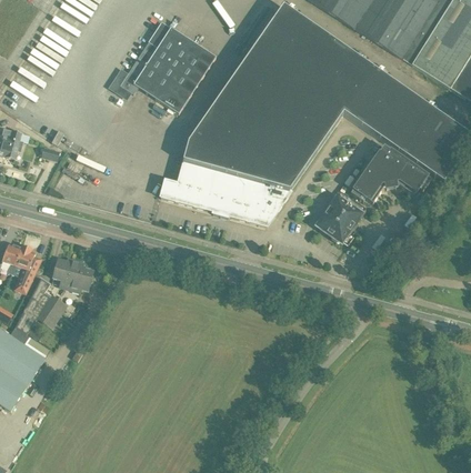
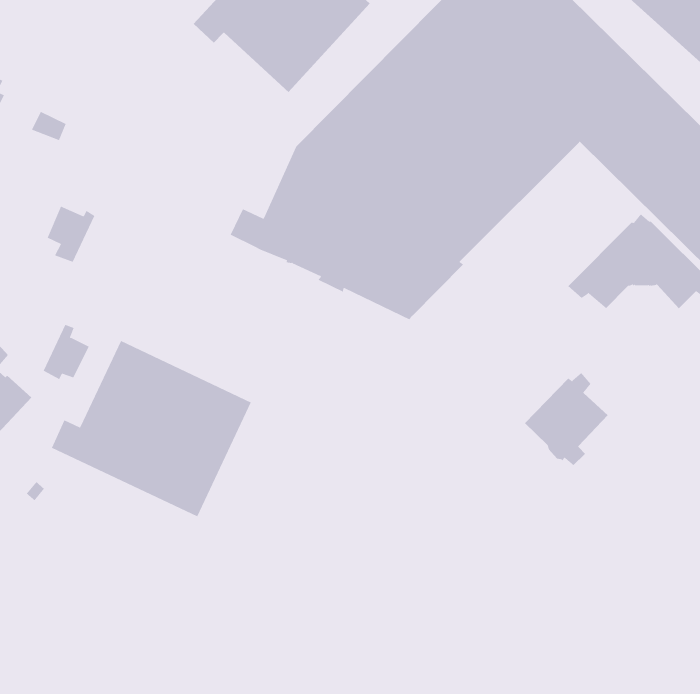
building: [317,191,362,243] -> [524,372,609,466]
building: [53,258,78,288] -> [47,206,95,263]
building: none -> [51,340,251,517]

